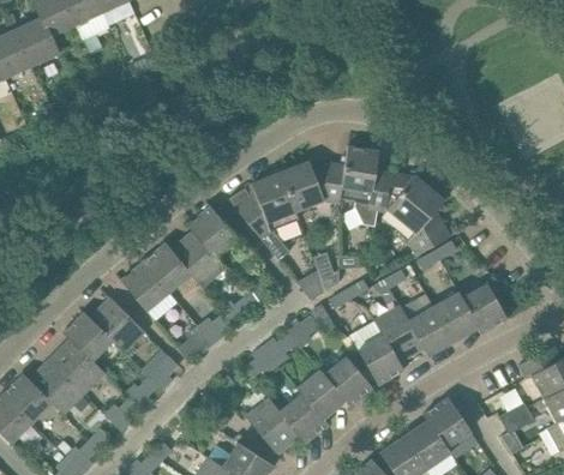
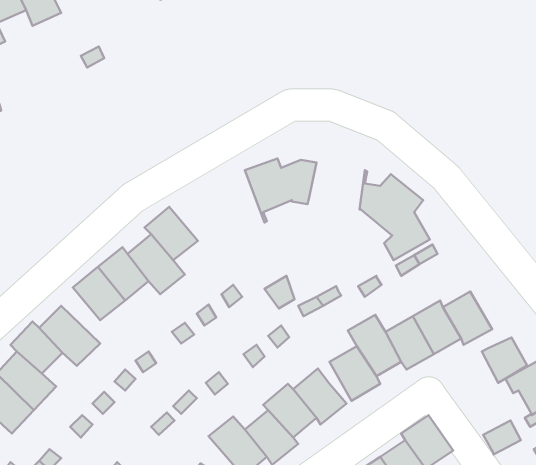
building: [337,146,389,227] -> none
building: [228,173,296,255] -> none
building: none -> [482,337,527,383]

